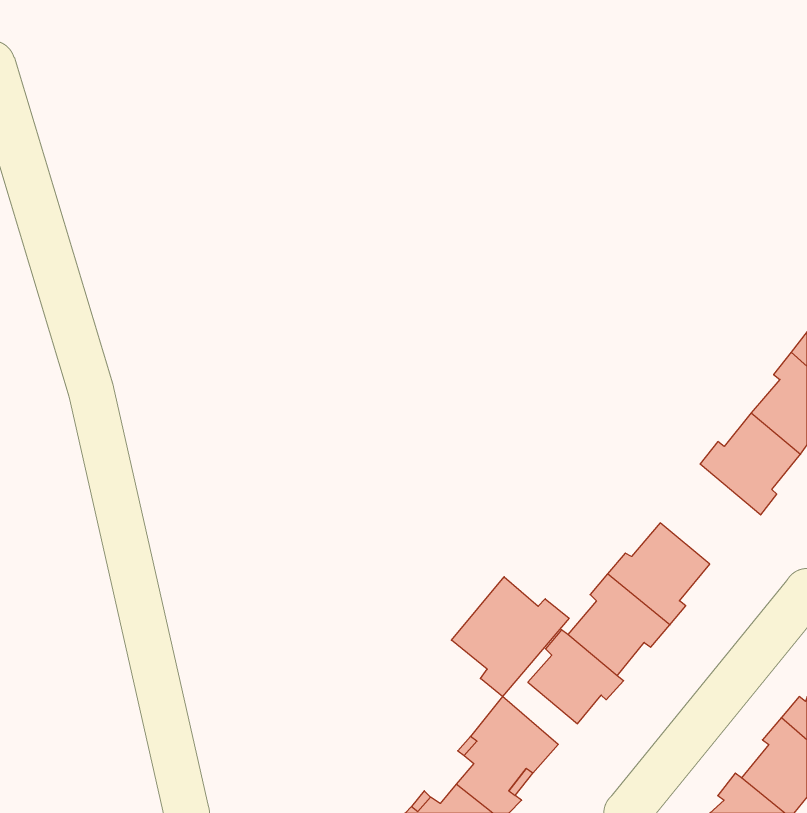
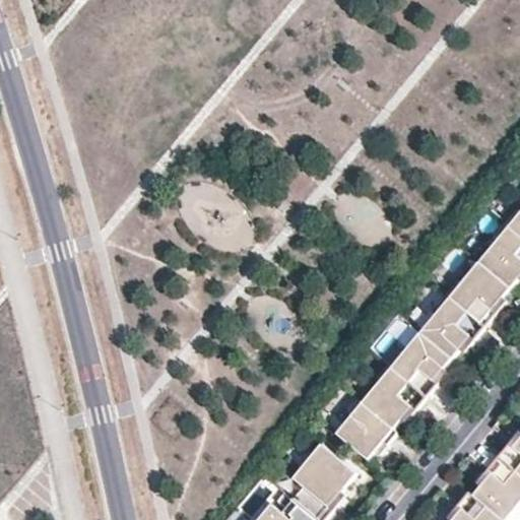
building: none -> [420,296,484,360]
building: [451,577,569,697] -> none

